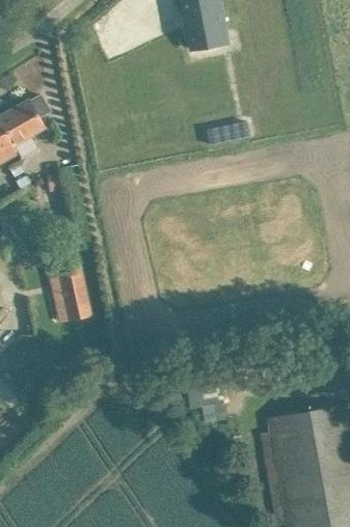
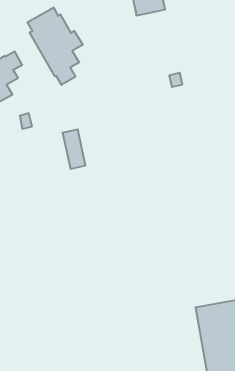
building: none -> [28,7,83,85]
building: [55,270,84,320] -> [62,129,85,169]

